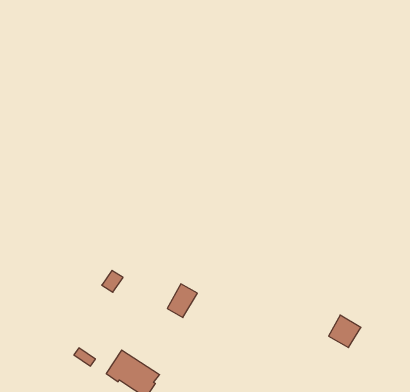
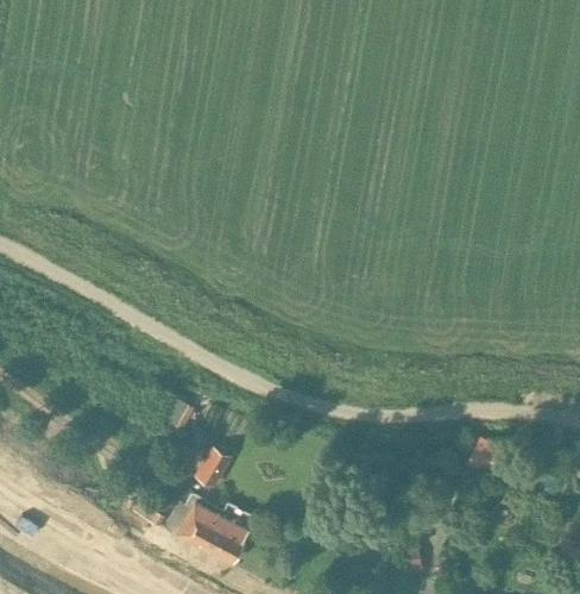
building: [167,284,197,318] -> [191,444,229,488]

